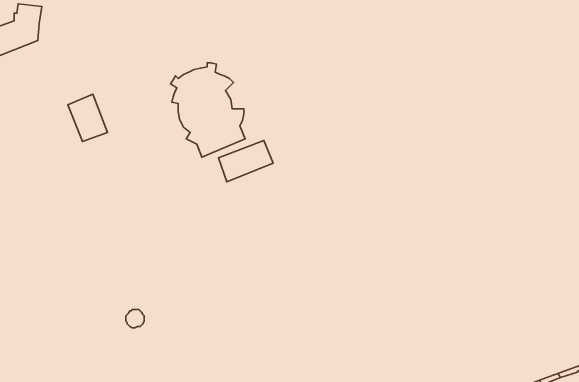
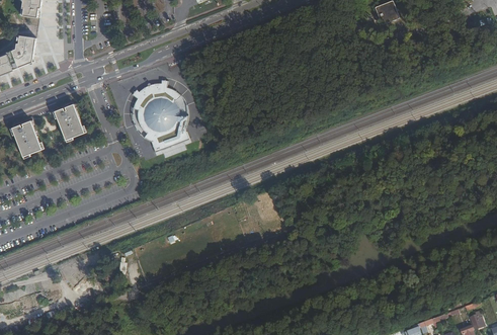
building: none -> [11,119,42,156]
building: [219,140,273,182] -> none

